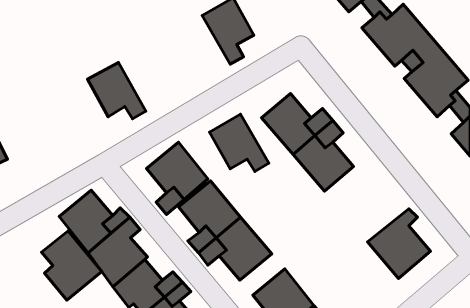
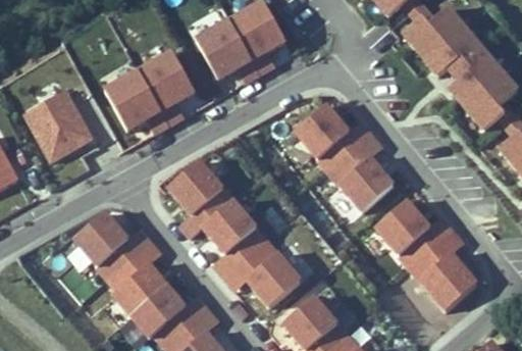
building: none -> [138,52,194,124]
building: none -> [22,90,92,164]
building: [210,114,269,172] -> [195,20,259,83]
building: none -> [374,198,453,266]
building: [42,231,102,300] -> none

